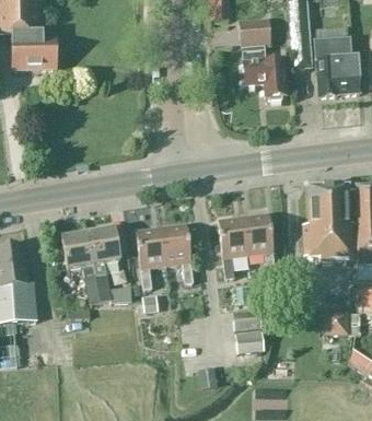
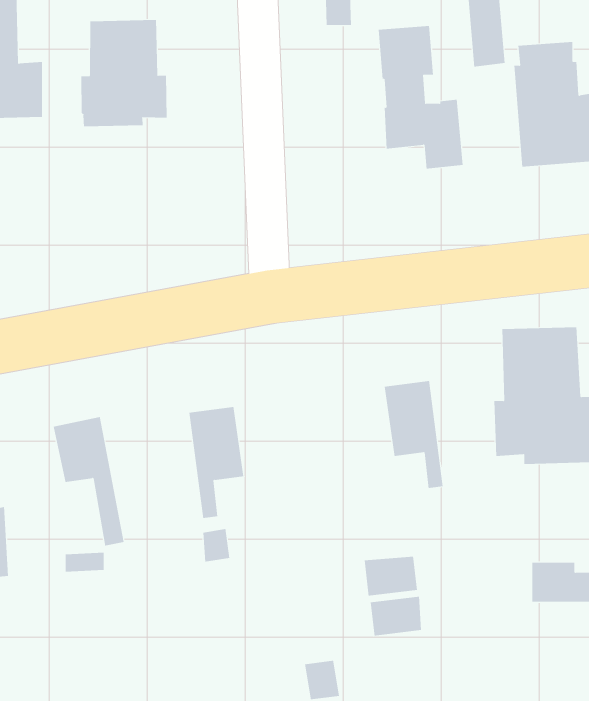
building: none -> [81,19,167,127]
building: [218,217,248,278] -> none
building: [161,224,194,283] -> none
building: [88,229,132,303] -> none

